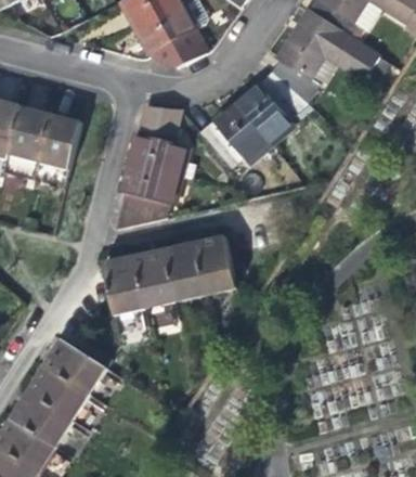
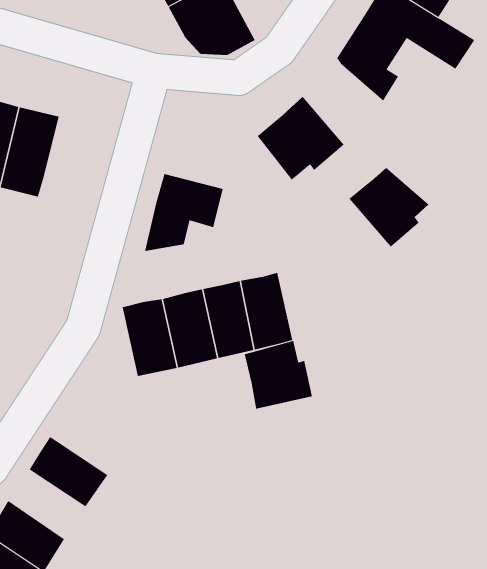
building: [243,72,306,134] -> [349,167,429,248]
building: [134,106,196,172] -> none
building: [41,113,82,185] -> none
building: none -> [244,340,313,410]
building: [46,337,107,392] -> none
building: [13,388,74,442] -> none

